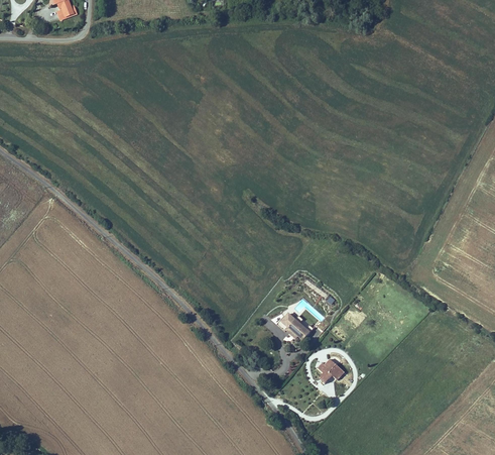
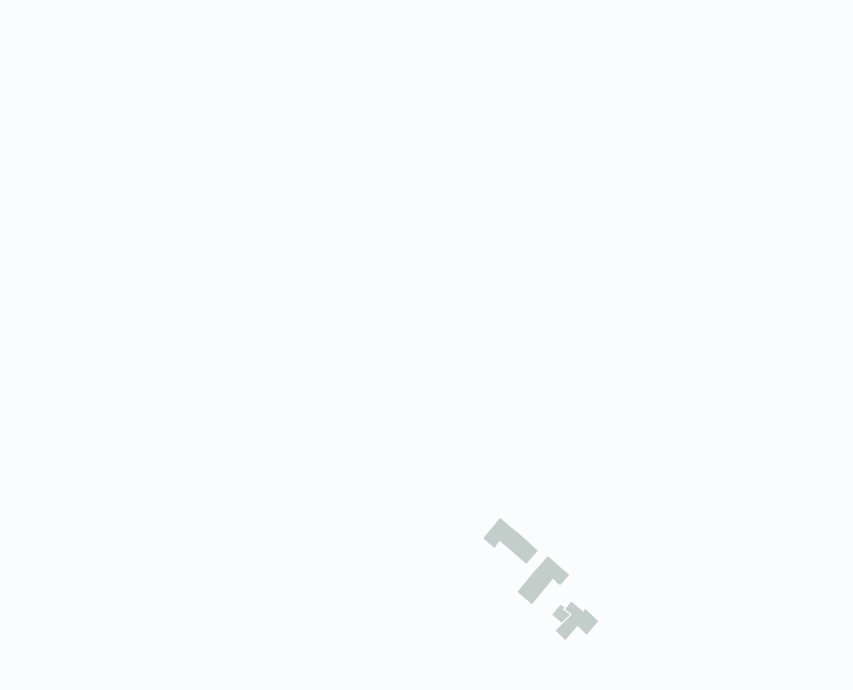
building: none -> [517,555,570,605]

